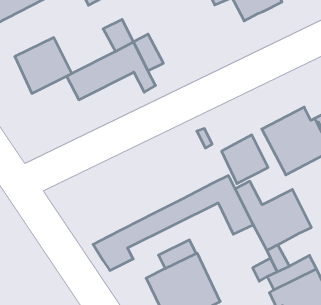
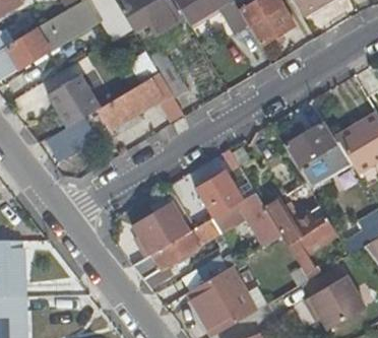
building: none -> [45,120,92,163]
building: [222,135,268,184] -> [197,171,242,217]
building: none -> [132,201,189,257]

